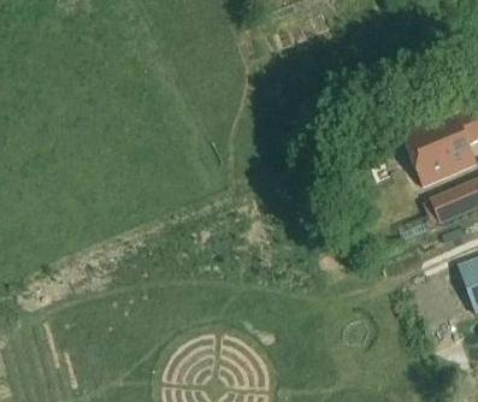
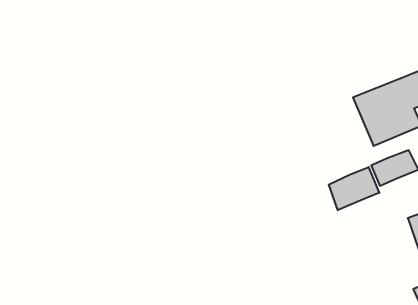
building: none -> [329,167,379,210]

